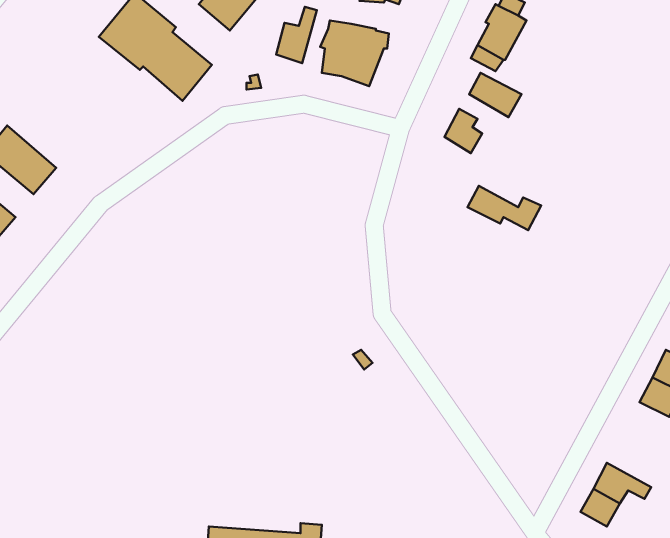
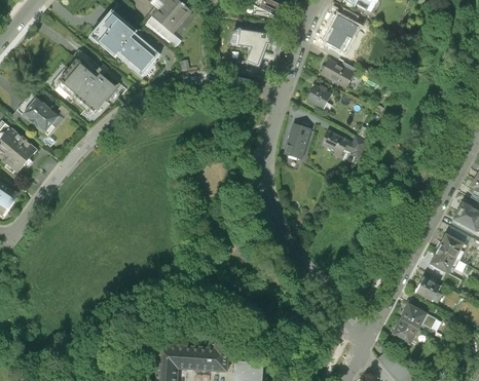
building: [276,7,317,63] -> none
building: none -> [53,51,121,114]
building: none -> [285,123,309,157]
building: none -> [414,276,440,303]

